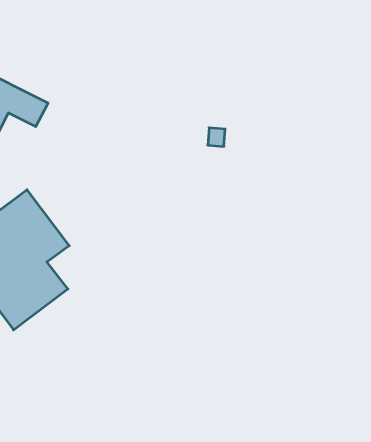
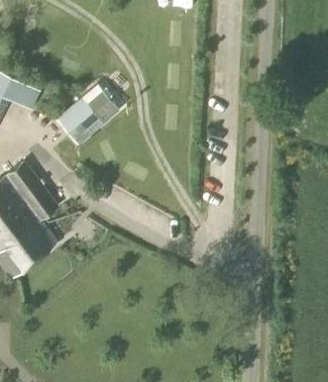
building: none -> [57,86,118,146]

